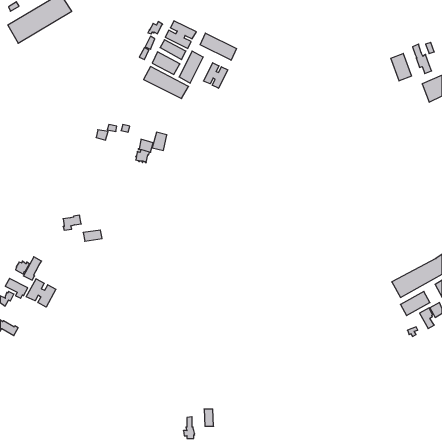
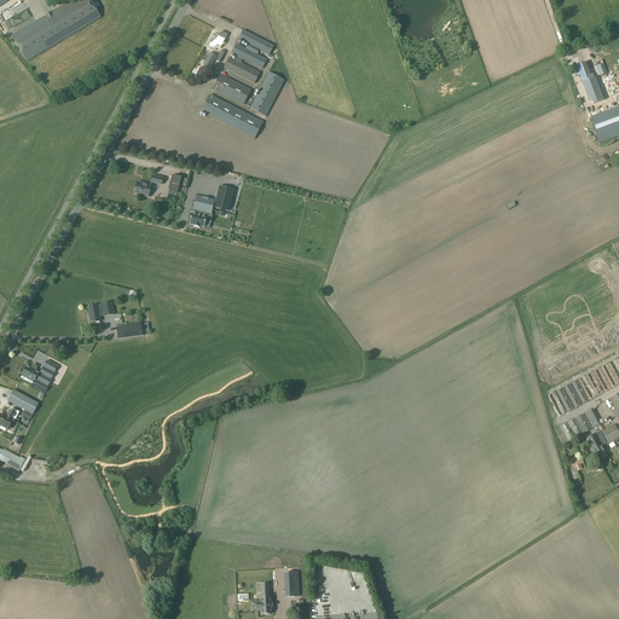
building: [200,33,236,60] -> none
building: [391,53,412,81] -> none
building: [203,63,228,88] -> none
building: [26,279,56,307] -> none

